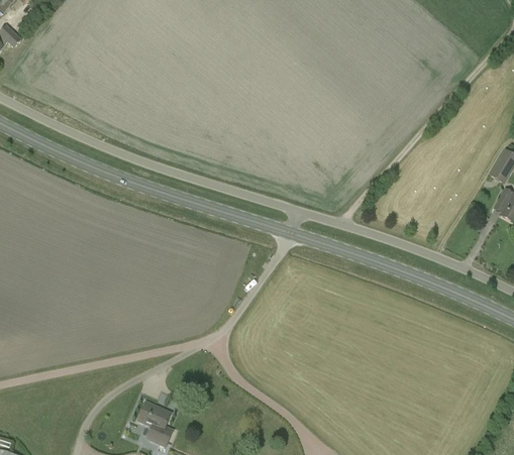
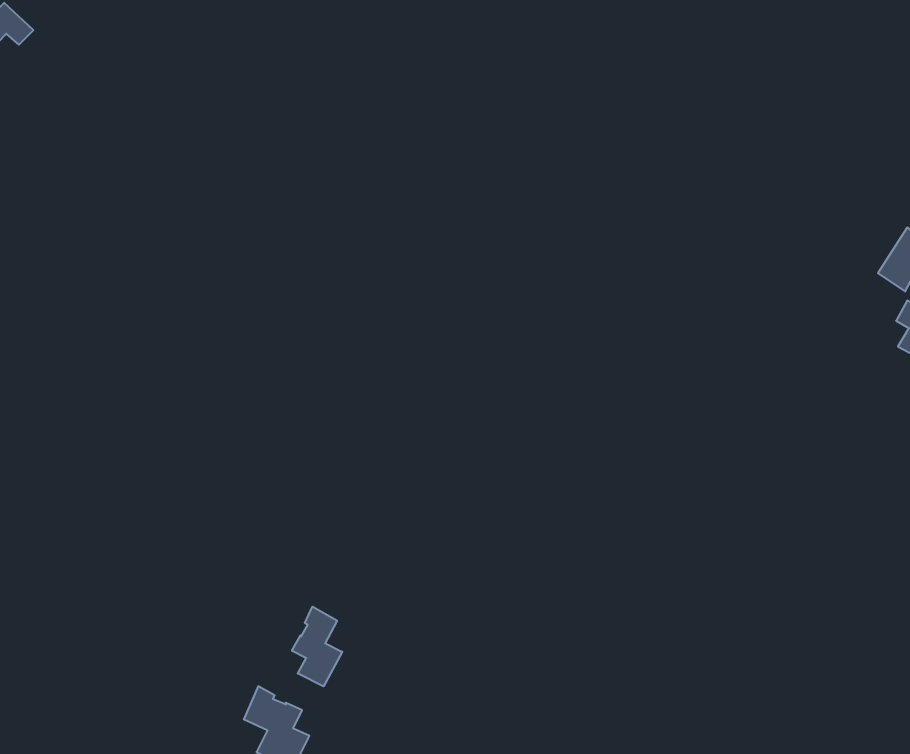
building: none -> [292,607,342,686]

